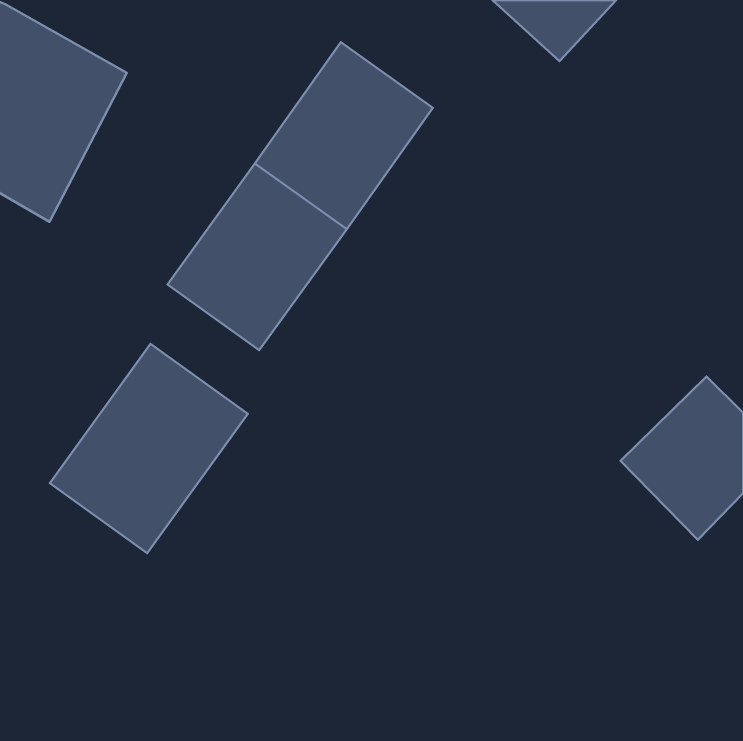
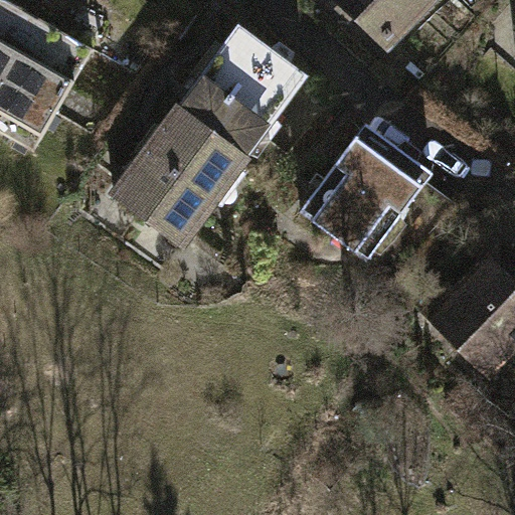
building: none -> [298,127,435,261]
building: [50,344,248,553] -> none

